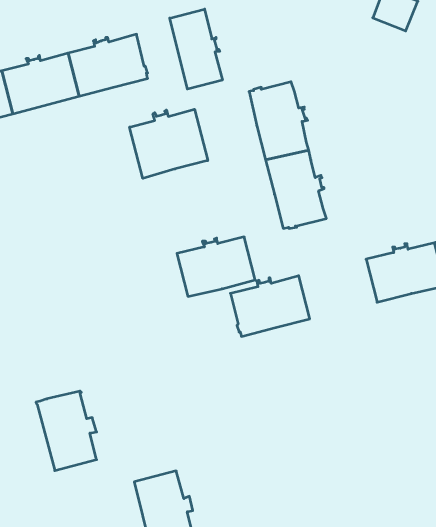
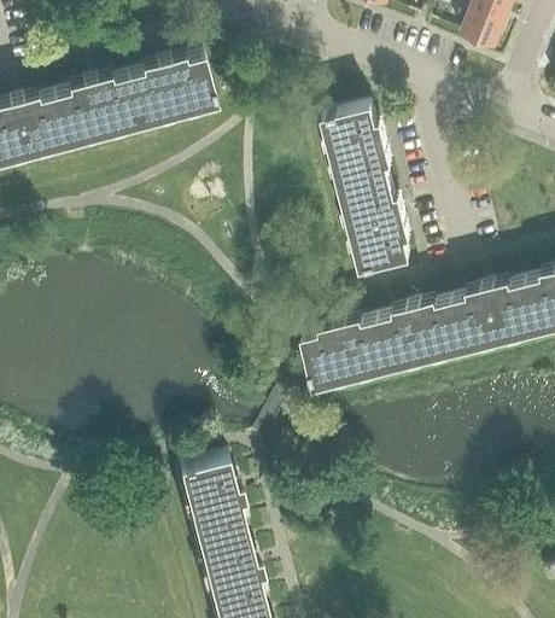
building: [170,9,222,89] -> none
building: [130,109,208,178] -> none
building: [177,237,255,296] -> [380,303,466,368]
building: [36,391,97,471] -> [180,460,246,547]

